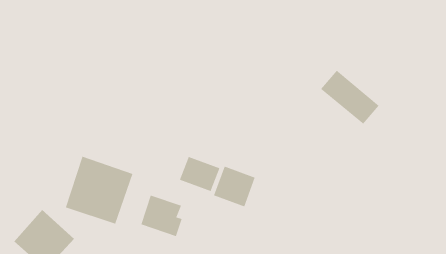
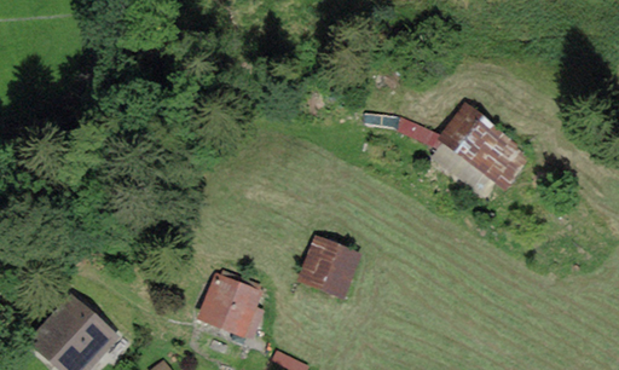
building: [65,156,133,225] -> none
building: [179,156,220,192] -> none

